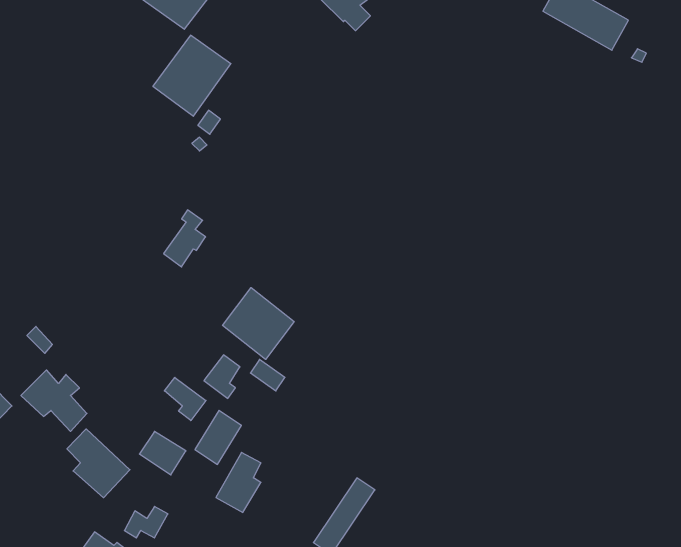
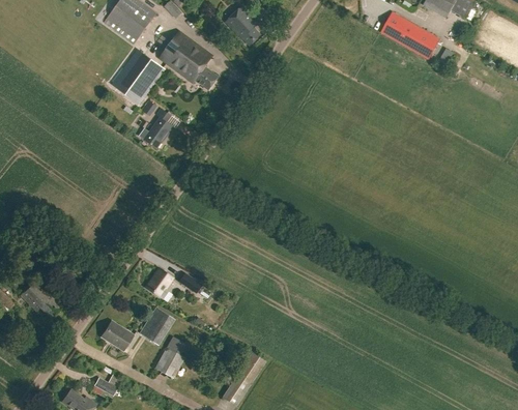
building: none -> [161,31,219,90]
building: [164,210,206,267] -> [145,109,174,148]
building: [223,288,294,359] -> none
building: [164,377,206,421] -> none
building: [67,429,130,498] -> none

